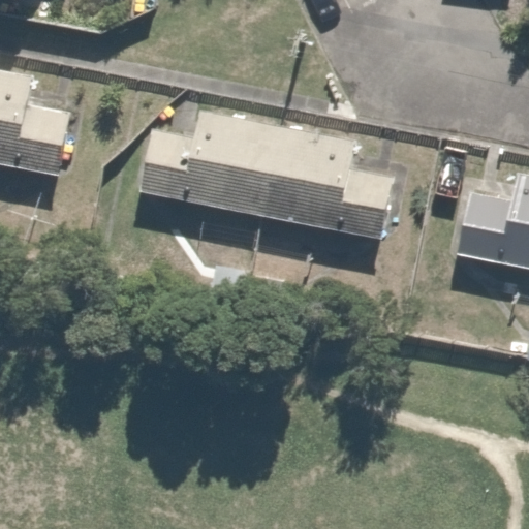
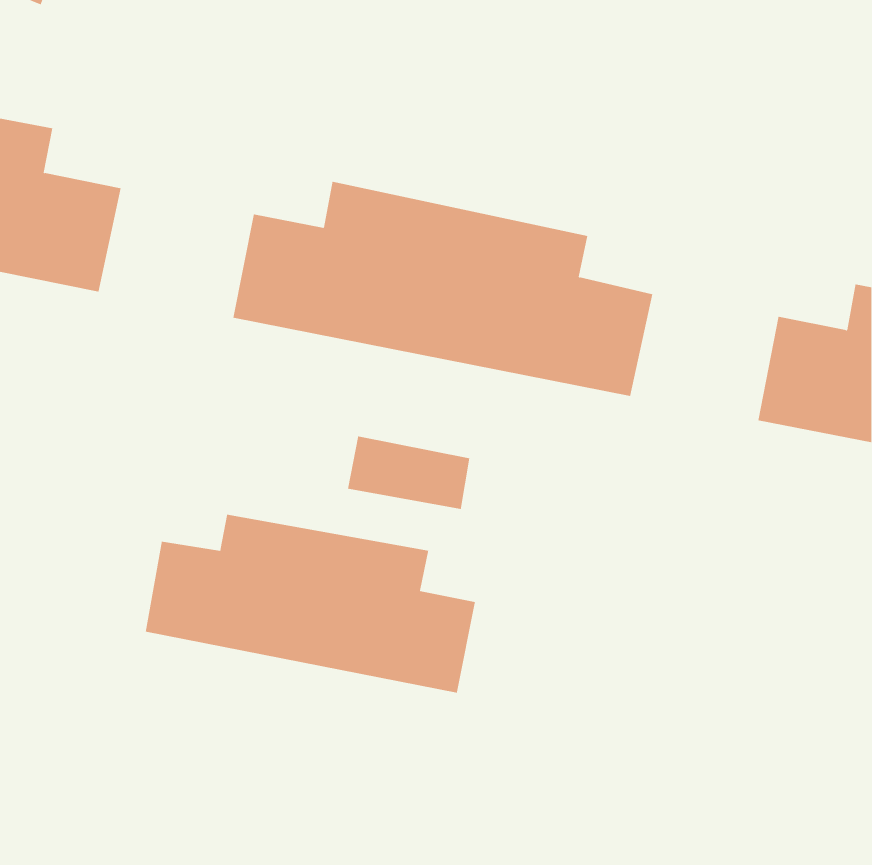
building: none -> [145,514,475,694]

